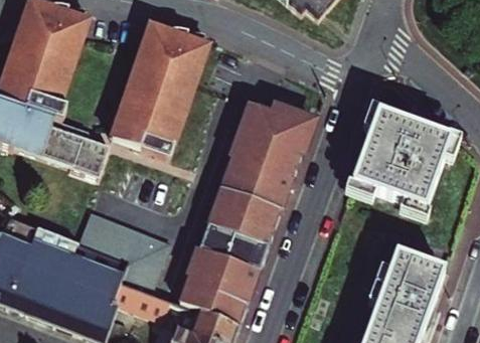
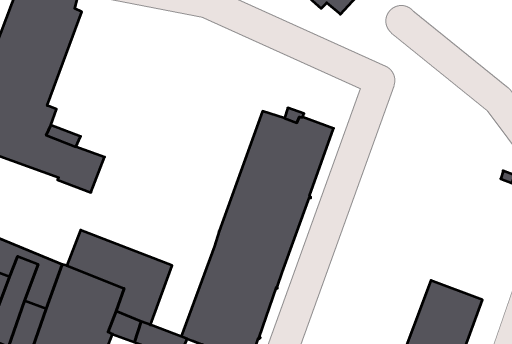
building: [109,23,209,157] -> none
building: [351,112,448,208] -> none

